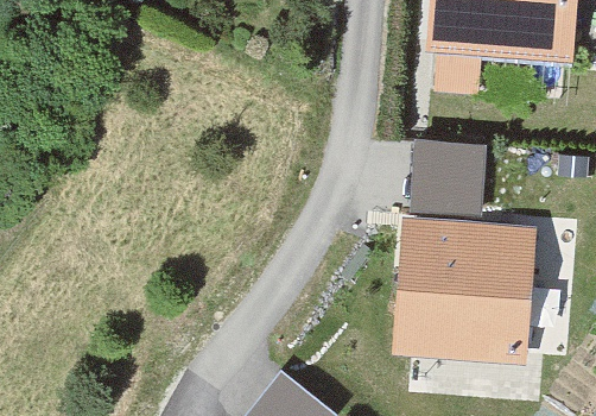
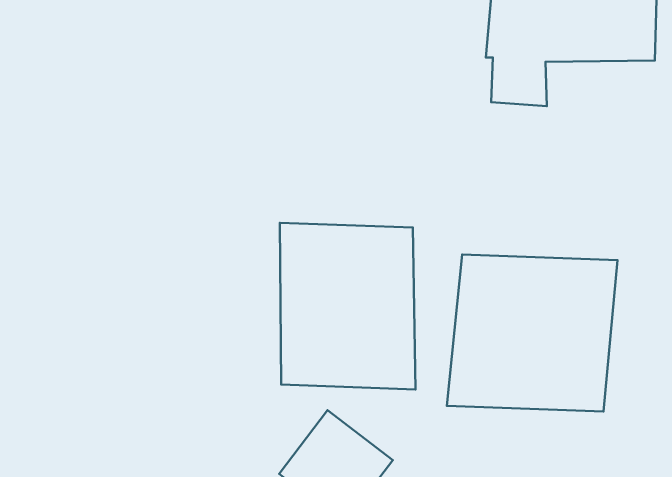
building: [414,126,494,203] -> none
building: none -> [280,223,416,389]

